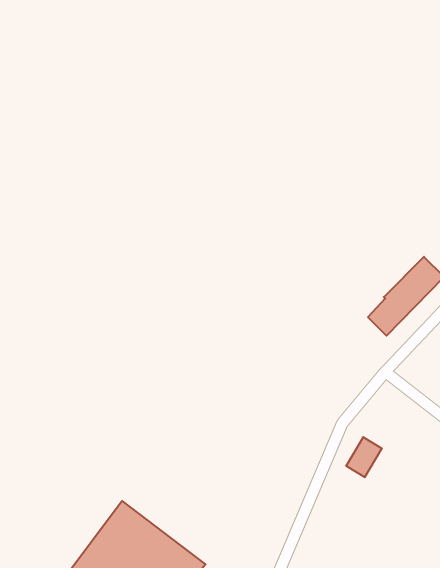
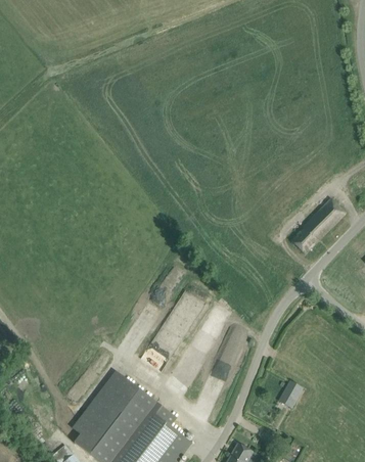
building: [346,437,382,477] -> [278,379,304,408]

